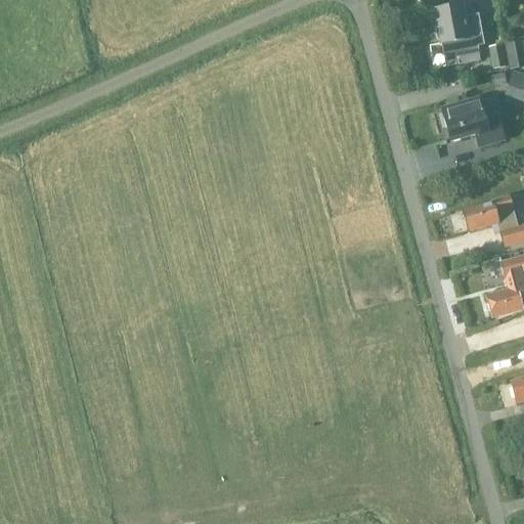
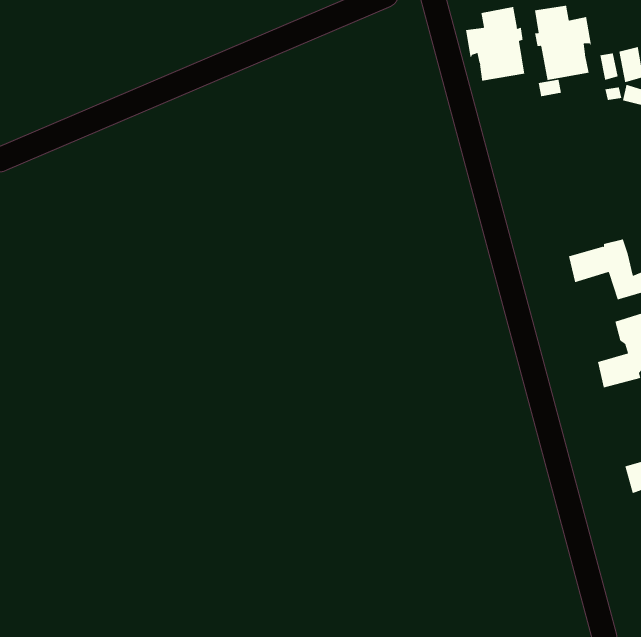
building: none -> [465,6,525,82]
building: [442,98,505,145] -> none

